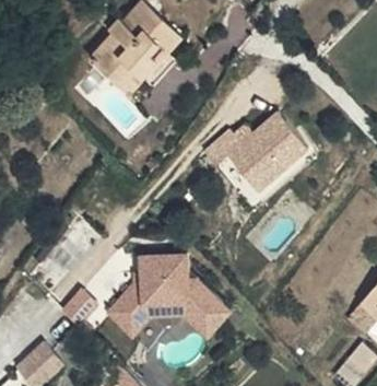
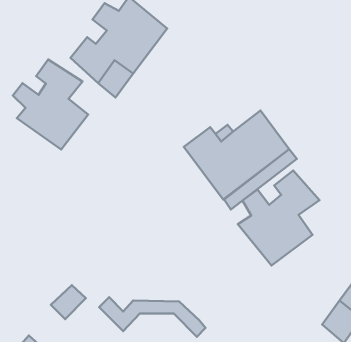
building: none -> [13,59,88,150]
building: none -> [238,170,319,266]
building: [123,259,234,332] -> none

